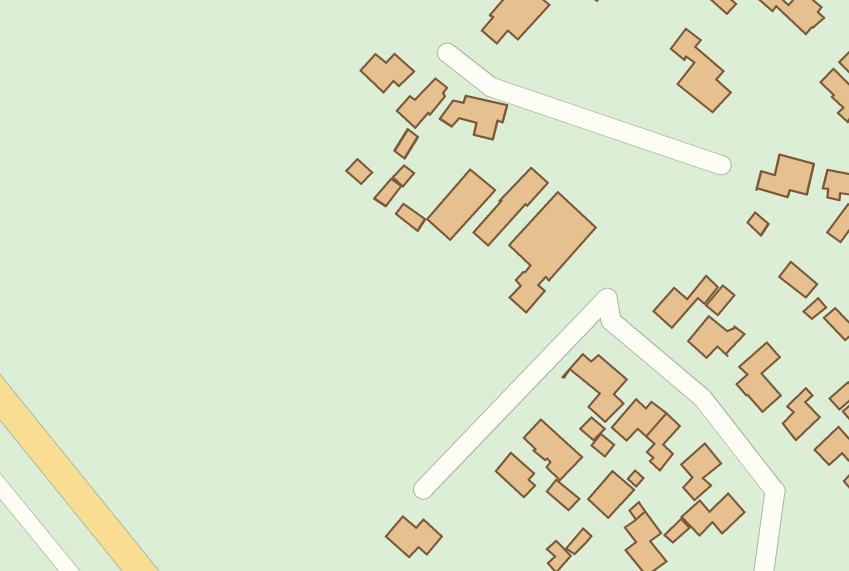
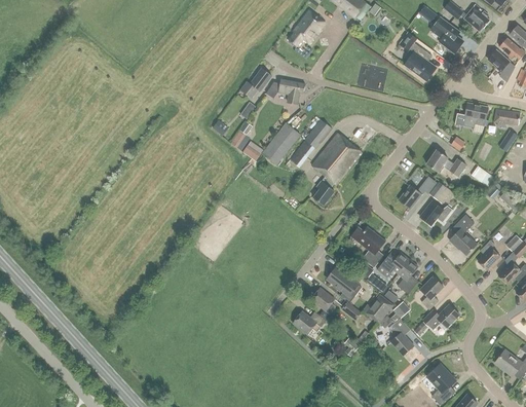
building: none -> [430,16,463,51]
building: [360,54,414,92] -> none
building: none -> [426,149,466,176]
building: [386,517,442,557] -> [293,309,326,333]

